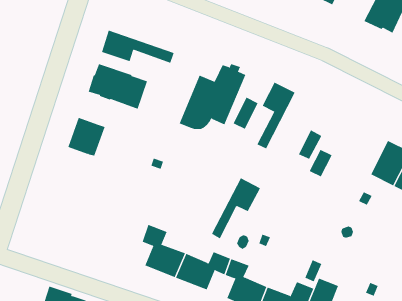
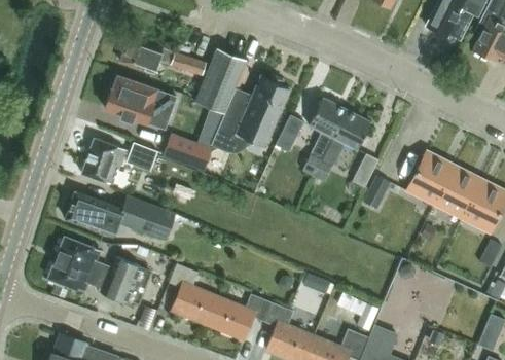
building: none -> [195,47,247,113]
building: none -> [163,132,213,171]
building: none -> [125,142,157,171]
building: none -> [406,150,455,205]
building: none -> [66,191,176,240]
building: [211,178,261,239] -> [314,109,371,181]
building: none -> [48,236,152,302]

